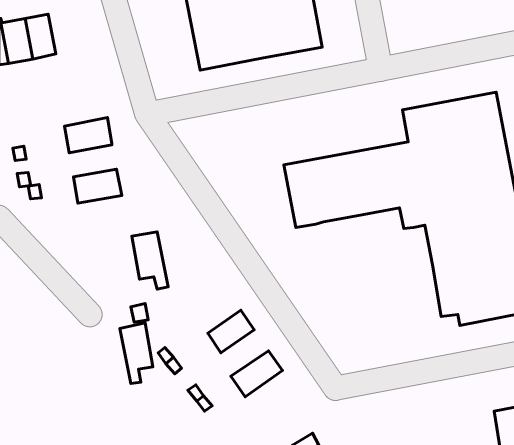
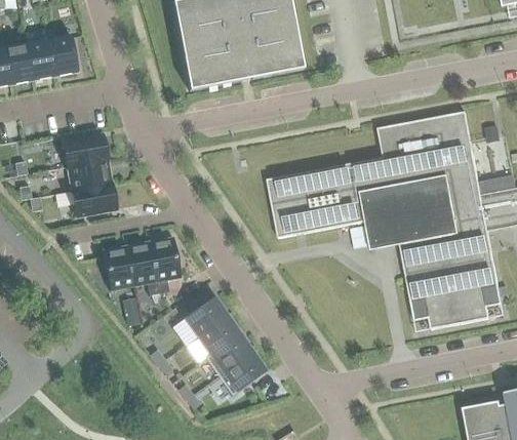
building: none -> [47,34,77,75]
building: none -> [67,160,111,190]
building: none -> [102,245,132,289]
building: none -> [184,296,227,335]
building: [120,323,153,383] -> [149,236,180,292]
building: none -> [204,332,252,375]

